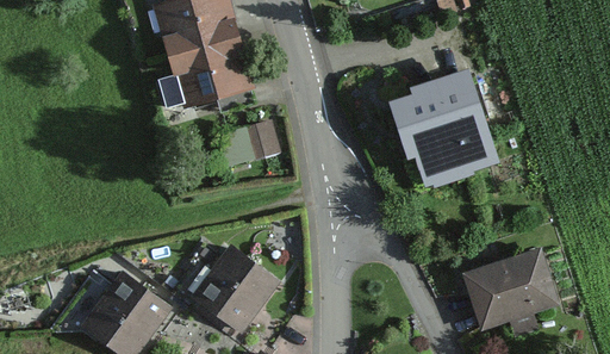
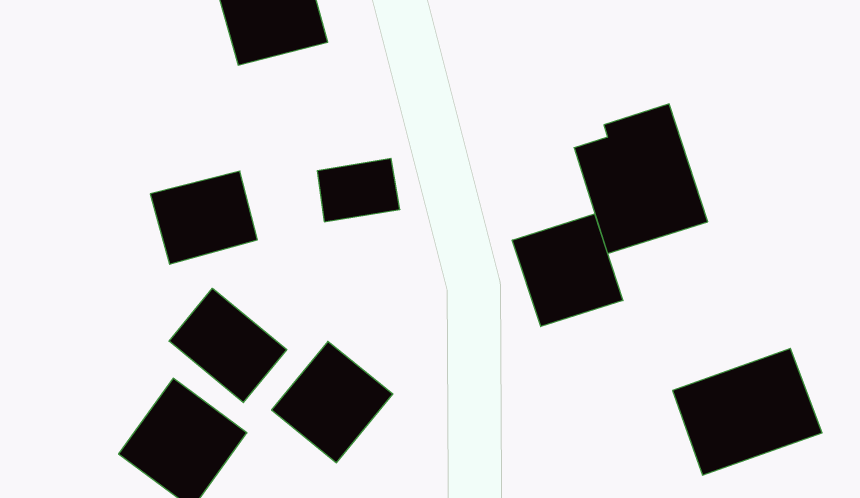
building: [168,42,241,105] -> [150,171,257,264]
building: none -> [512,214,623,327]
building: none -> [169,288,287,403]

